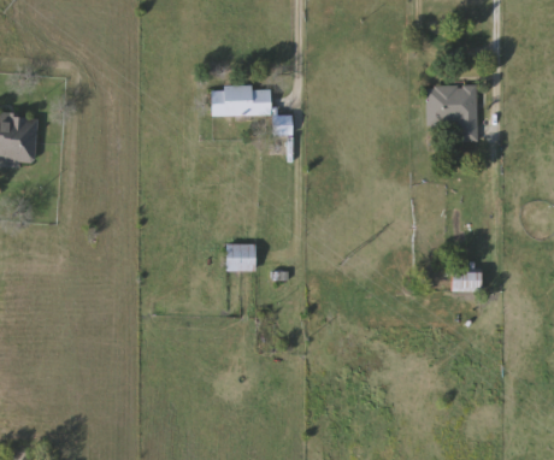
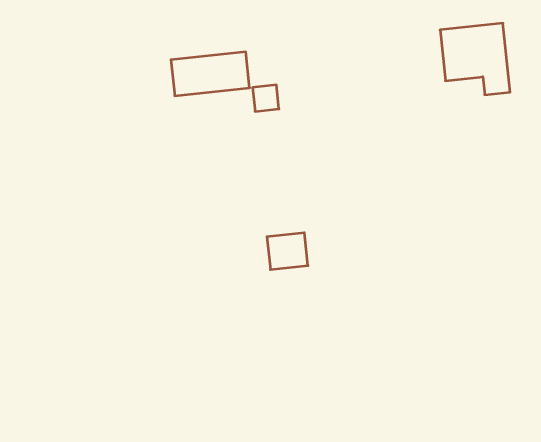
building: [224,244,254,271] -> [267,233,308,270]
building: [449,270,479,290] -> none

